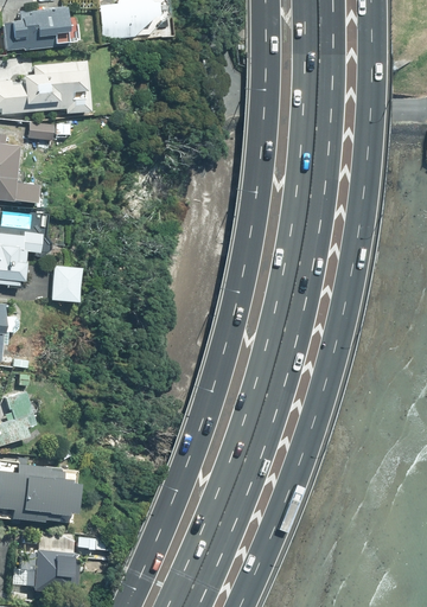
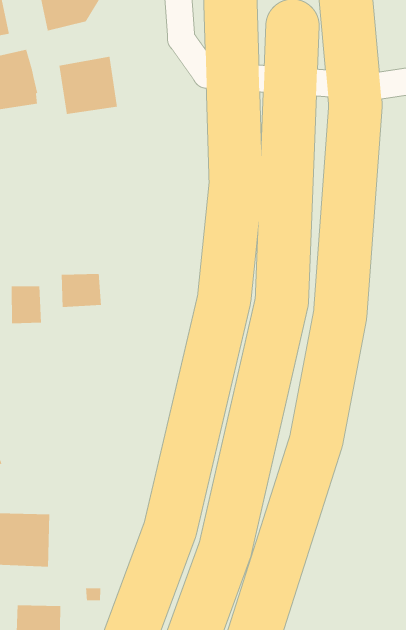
building: none -> [59,56,118,115]
building: none -> [61,273,102,308]

